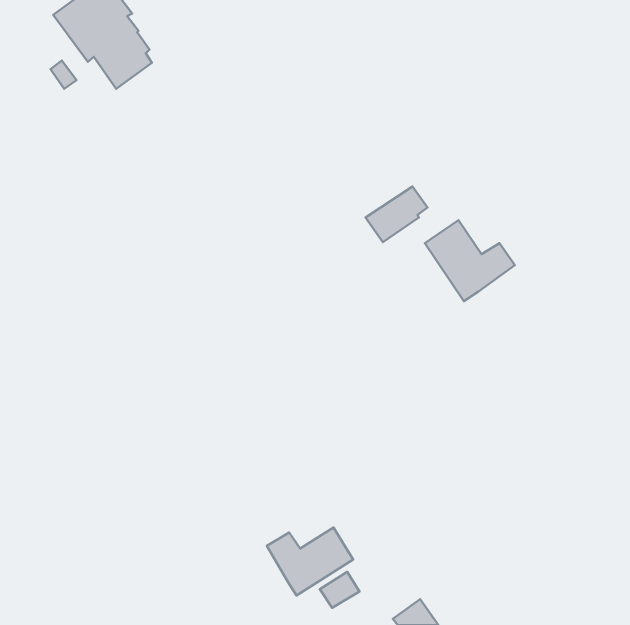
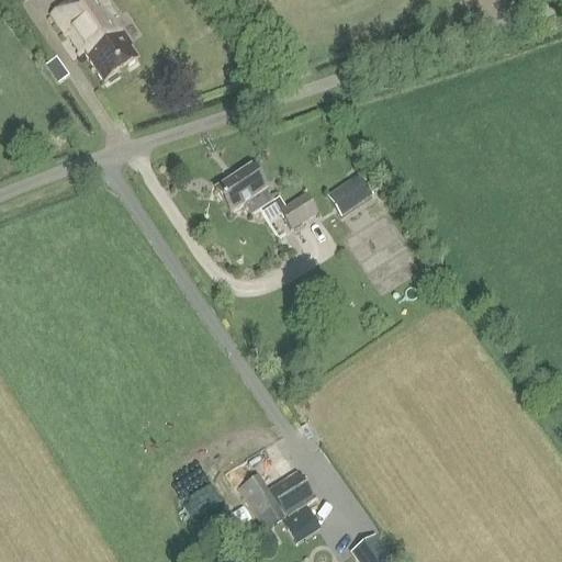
building: none -> [216,164,274,213]
building: none -> [278,190,318,228]
building: [425,220,515,301] -> none

